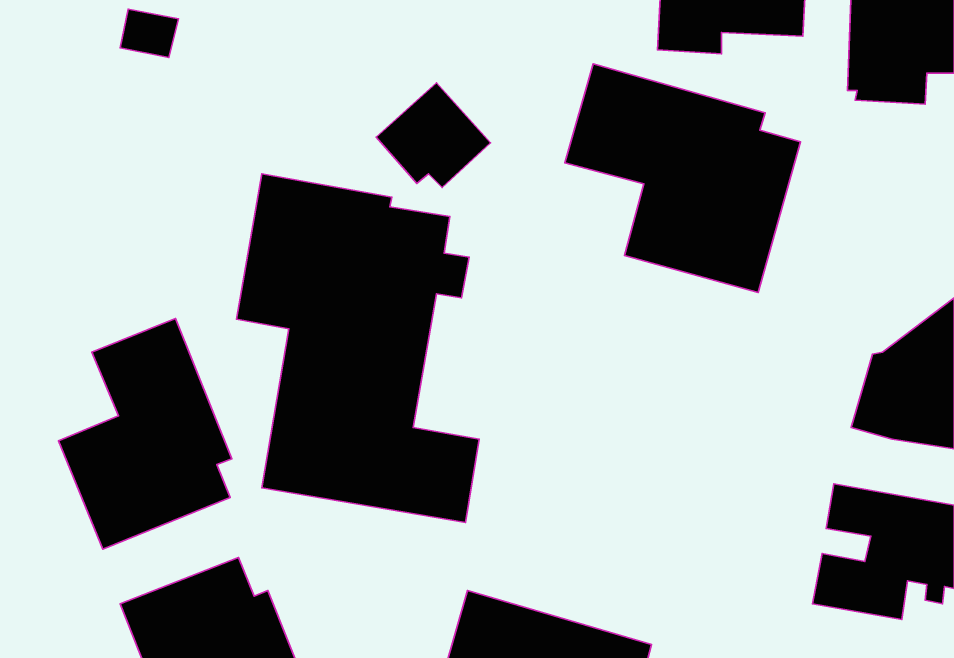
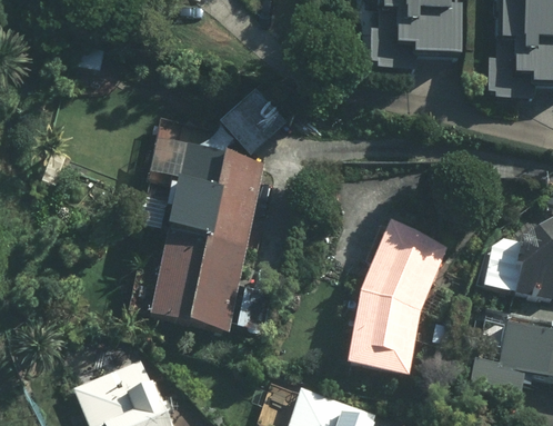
building: [565,64,800,293] -> none
building: [59,319,232,549] -> none
building: none -> [349,221,448,373]

